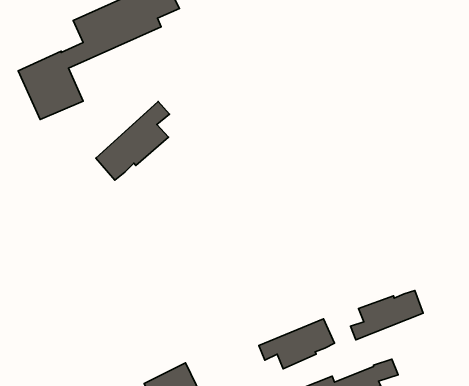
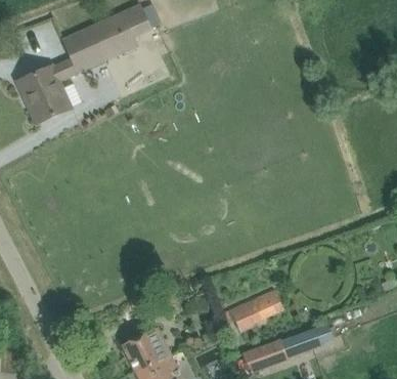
building: [96,102,170,180] -> none
building: [350,290,423,340] -> none

